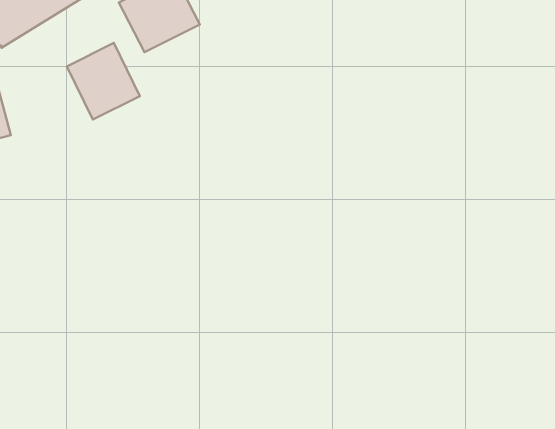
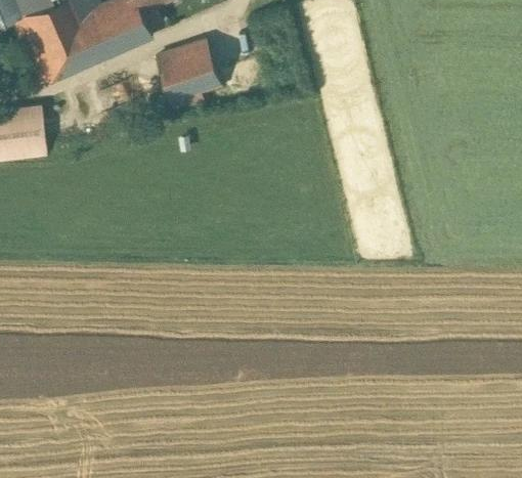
building: [67,43,140,120] -> none

